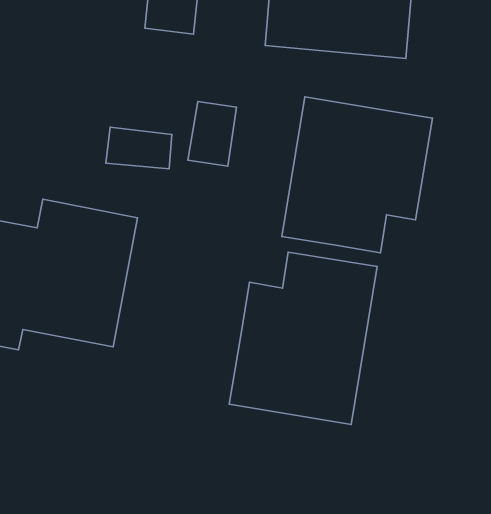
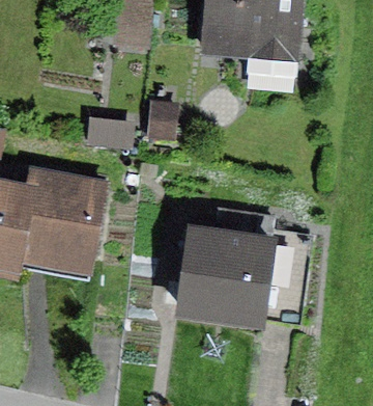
building: [282,97,433,253] -> none

